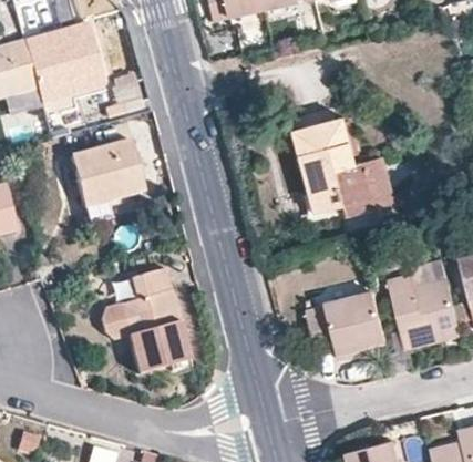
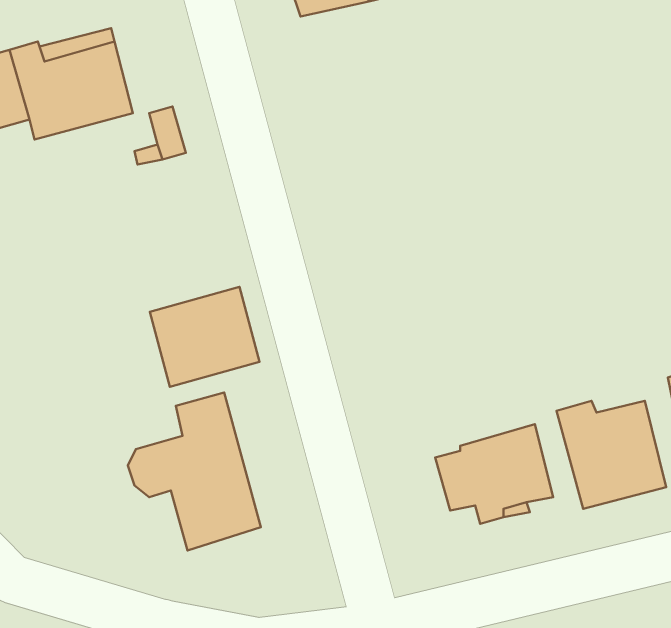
building: [294,116,393,216] -> none
building: [73,142,146,208] -> [150,287,260,387]

